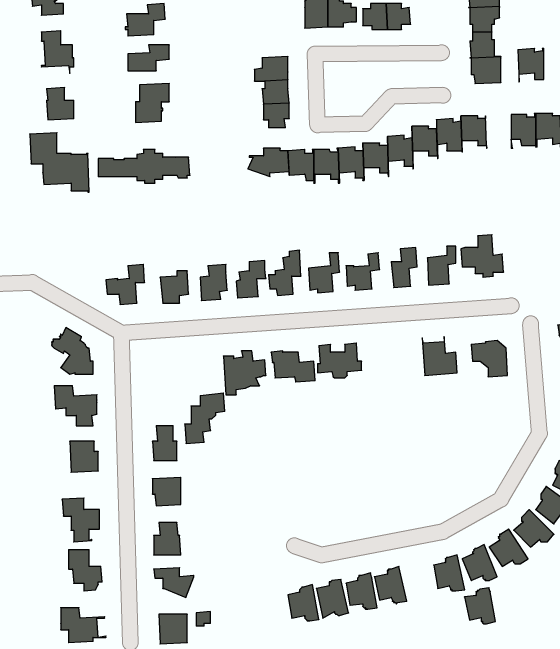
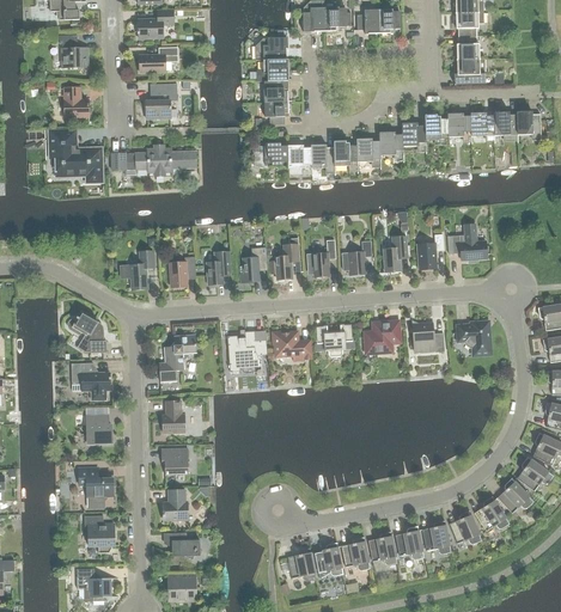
building: none -> [256,37,287,60]
building: [518,48,544,82] -> [470,112,494,143]
building: none -> [362,319,402,356]
building: [185,393,225,443] -> [159,335,196,381]
building: [464,588,495,624] -> [395,526,423,559]

